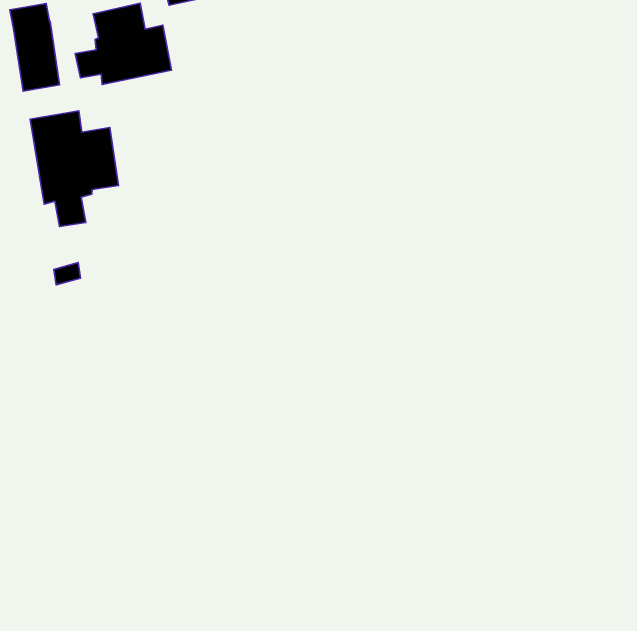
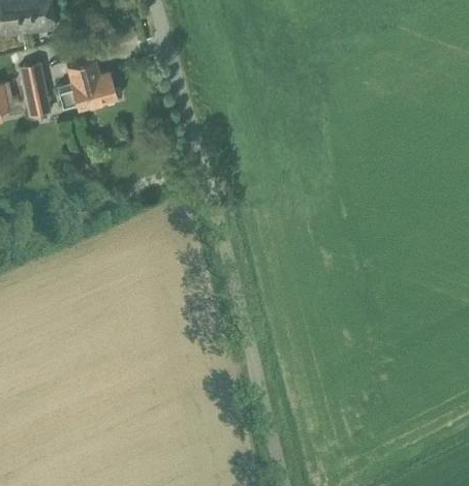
building: [30,111,118,226] -> none

